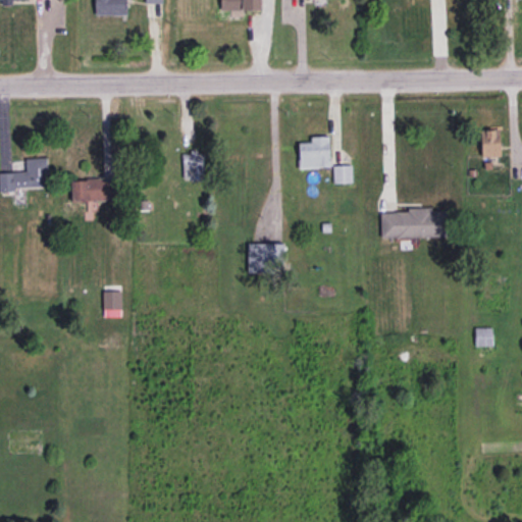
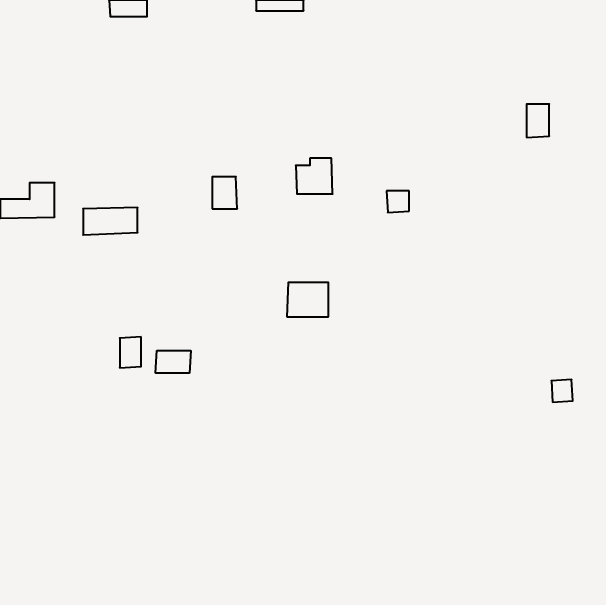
building: [481,128,501,157] -> [527,104,549,137]
building: [298,137,329,167] -> [296,158,333,194]
building: [380,209,448,238] -> none
building: none -> [156,351,191,373]

